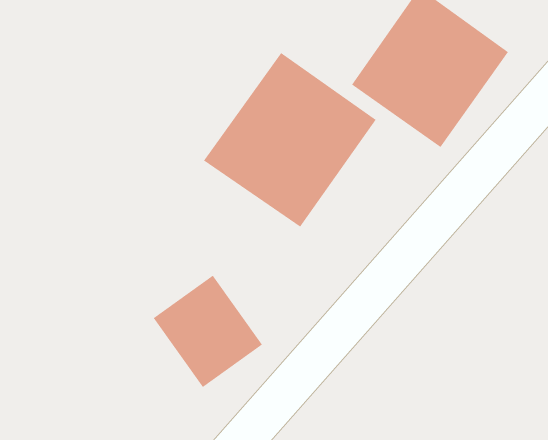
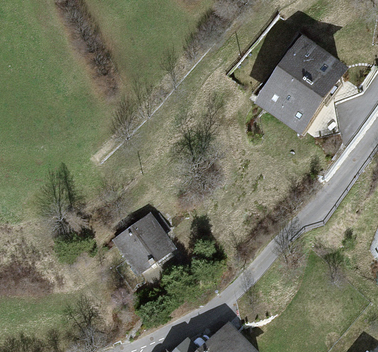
building: [203,52,377,228] -> none

